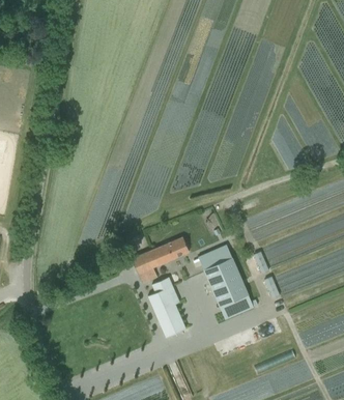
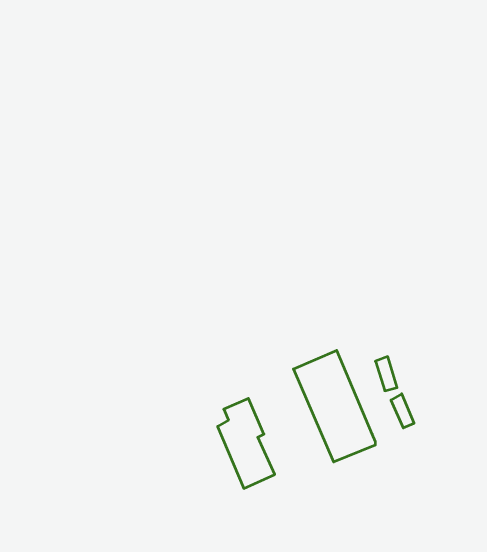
building: [131,236,189,283] -> none

